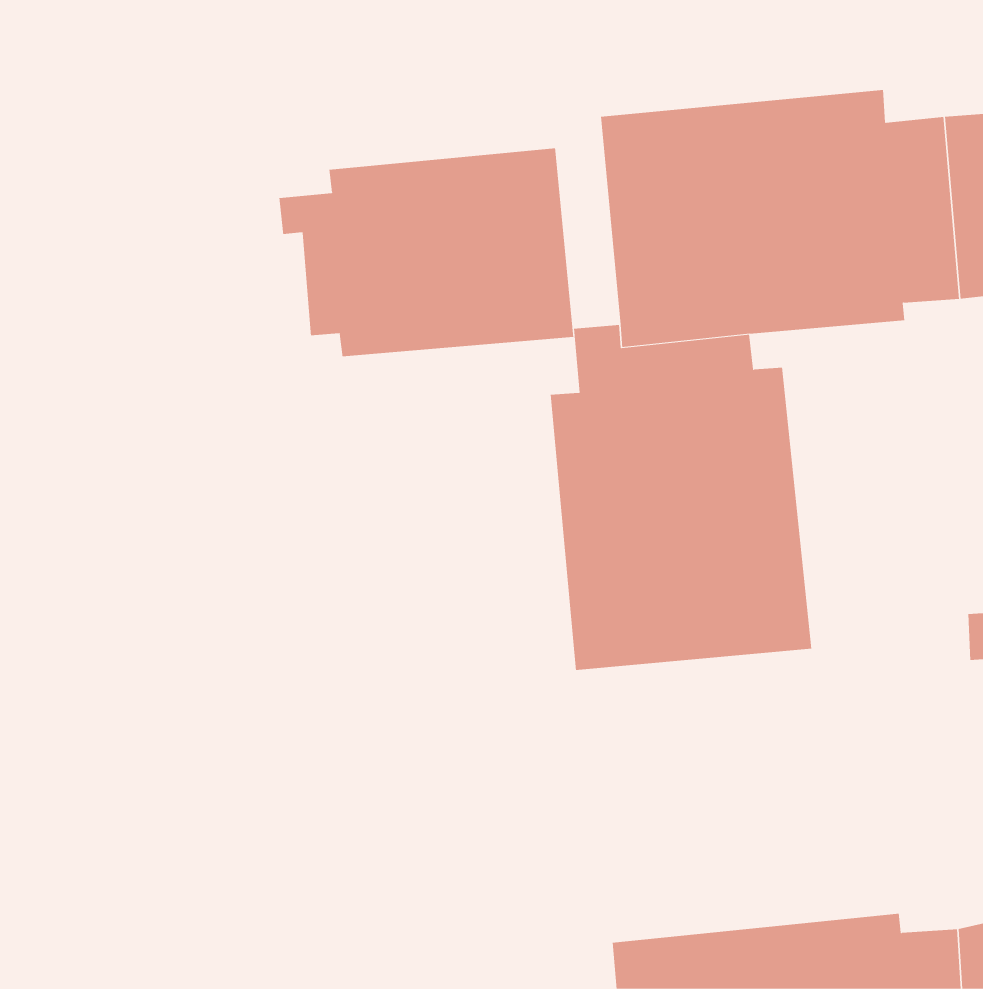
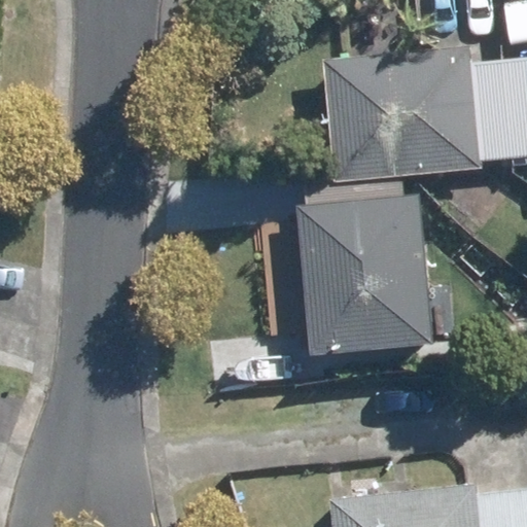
building: [279,147,574,357] -> none

